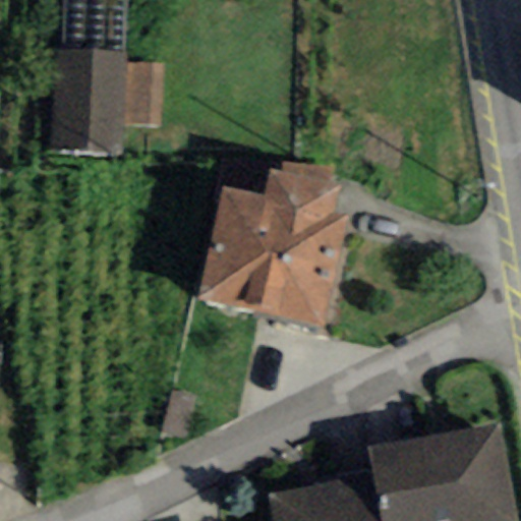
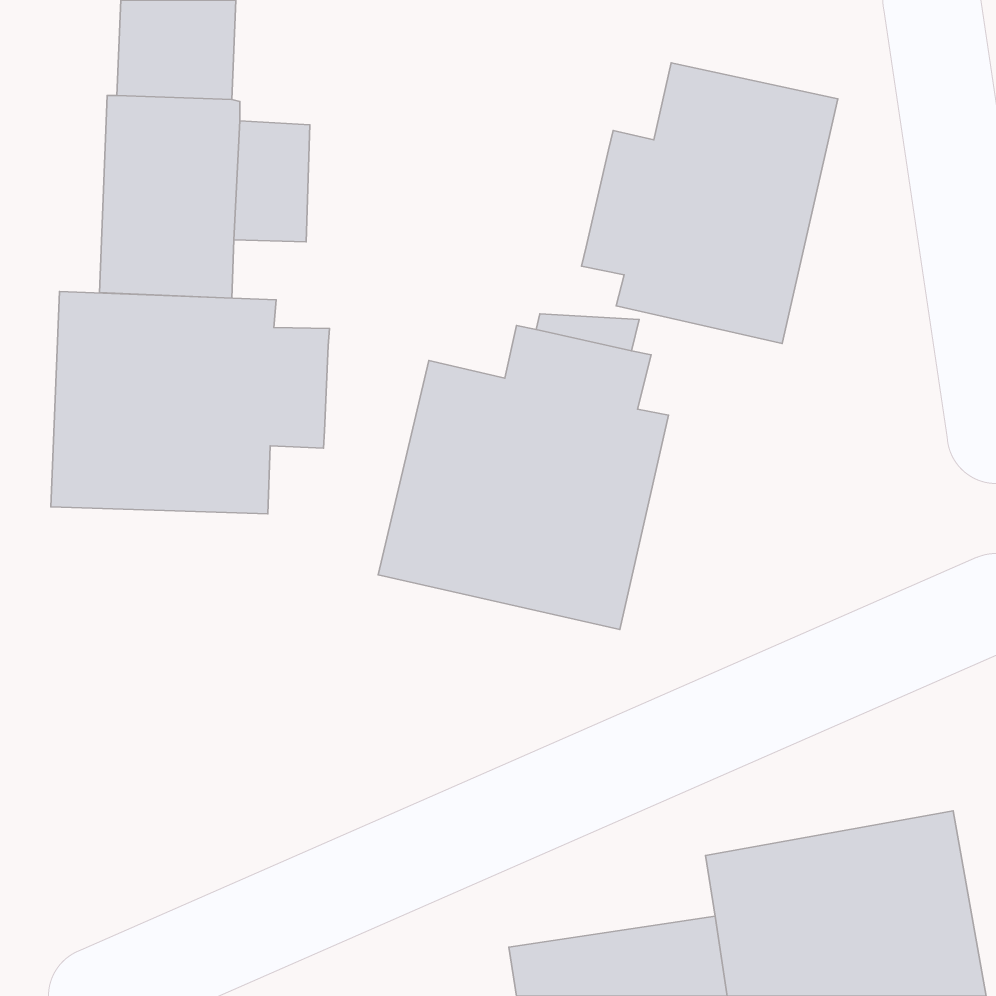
building: none -> [581,63,838,344]
building: none -> [51,291,329,514]

